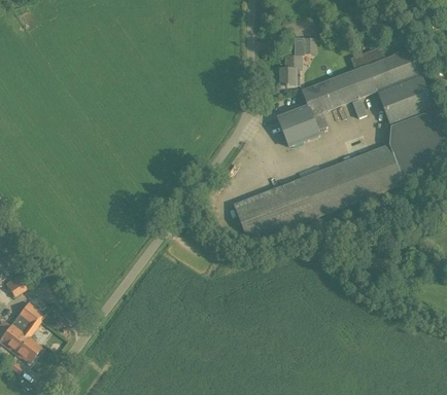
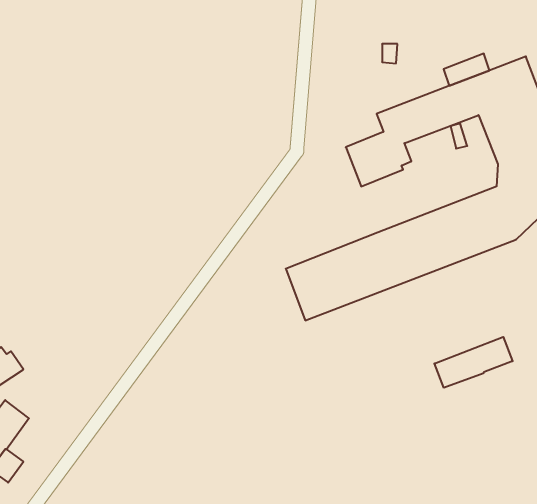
building: [279,45,302,85] -> none
building: none -> [434,337,513,388]

